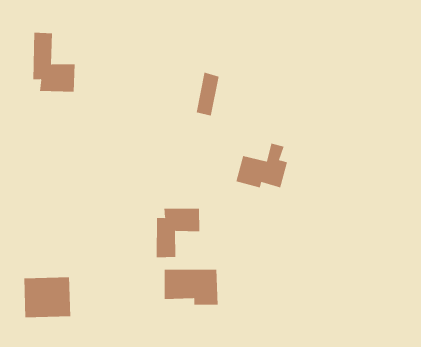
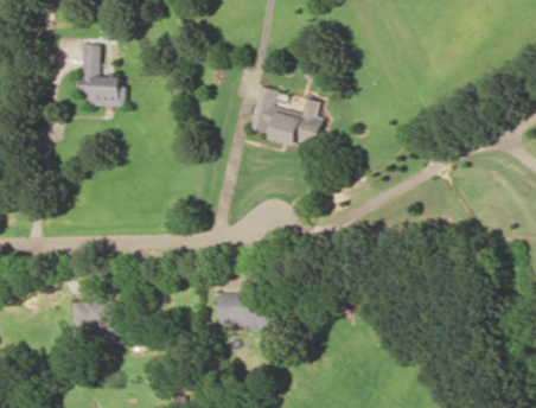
building: [236,143,288,188] -> [269,98,324,146]
building: [156,208,200,258] -> none

